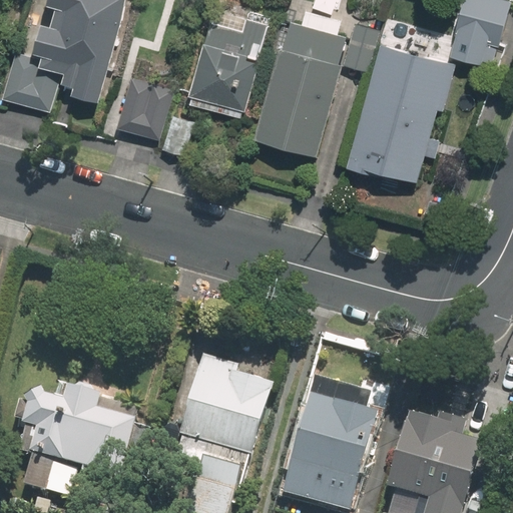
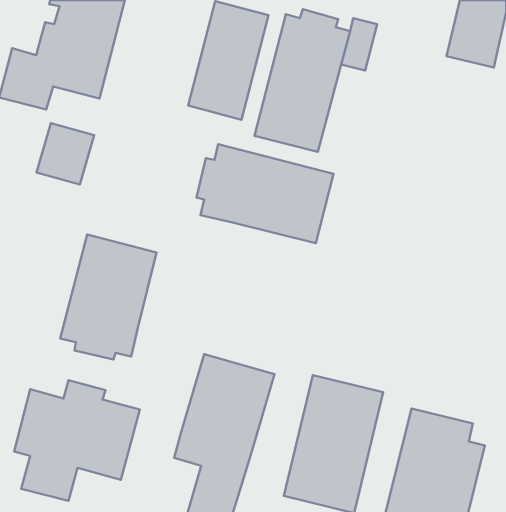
building: [345,45,448,176] -> none
building: [120,78,177,139] -> [37,123,94,185]
building: none -> [197,144,334,243]
building: none -> [60,235,157,360]

